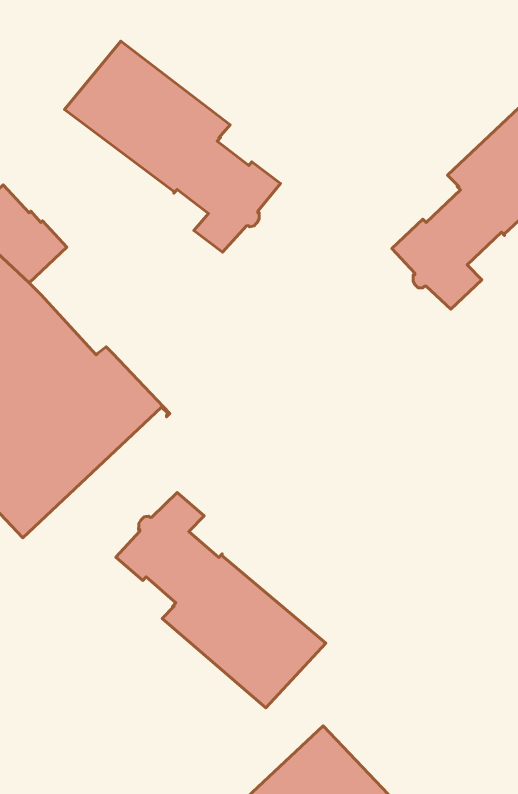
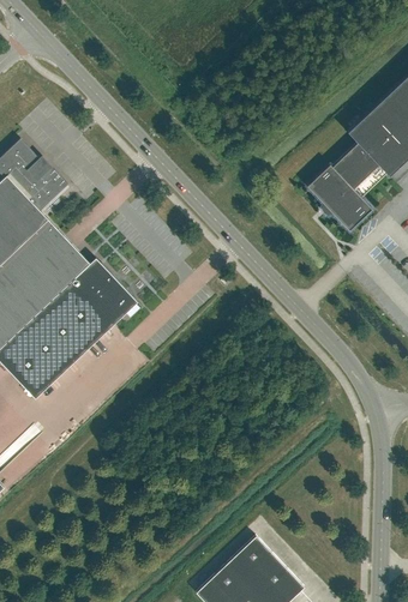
building: [65,41,280,252] -> none
building: [116,492,326,708] -> none

